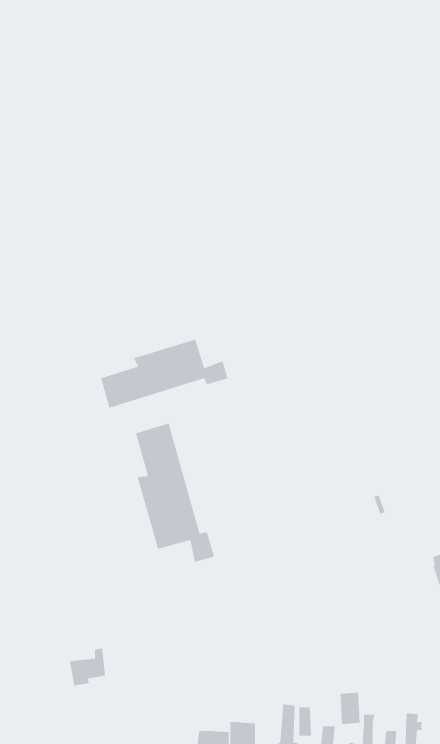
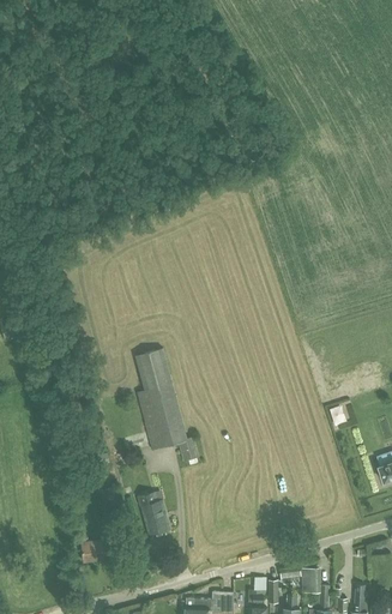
building: [100,339,228,408] -> none
building: none -> [138,493,169,535]

